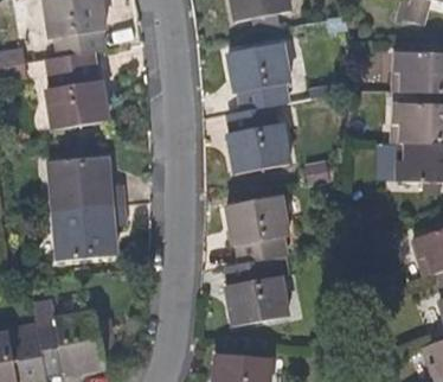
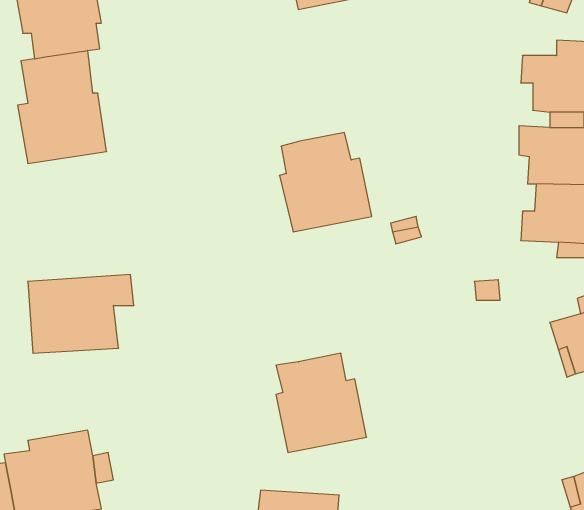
building: [225,44,288,113] -> none
building: [50,157,123,210] -> none
building: [223,197,287,266] -> none

